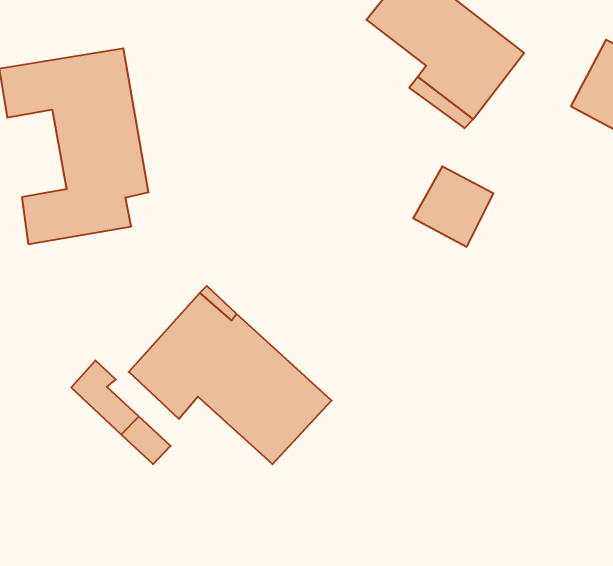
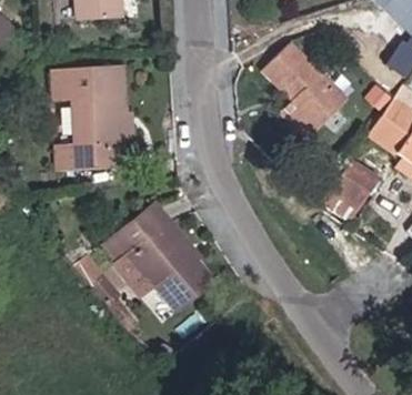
building: [413,166,493,247] -> [331,160,378,206]

